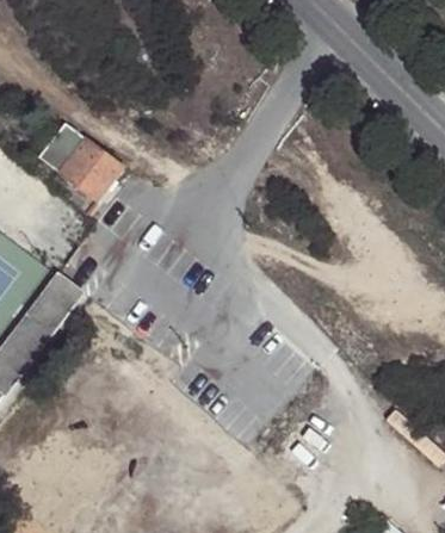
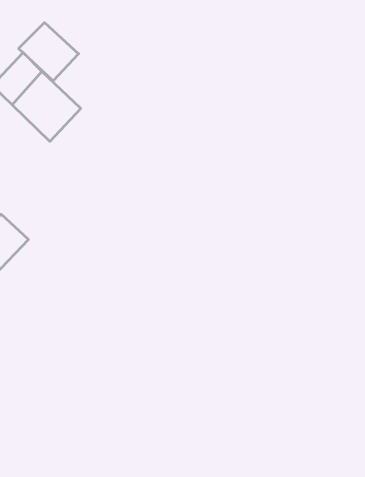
building: none -> [19,23,79,81]

